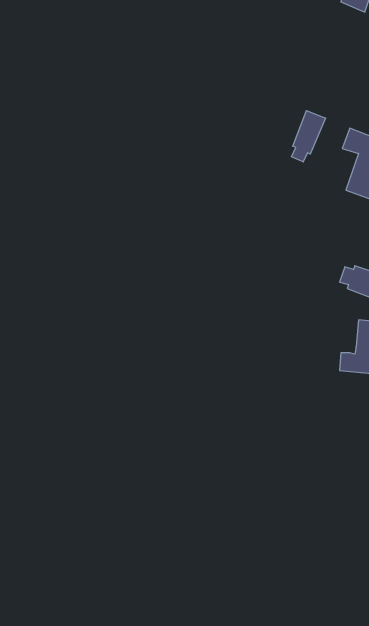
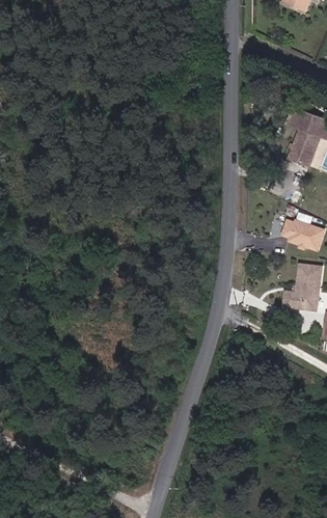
building: [292,111,326,162] -> none

